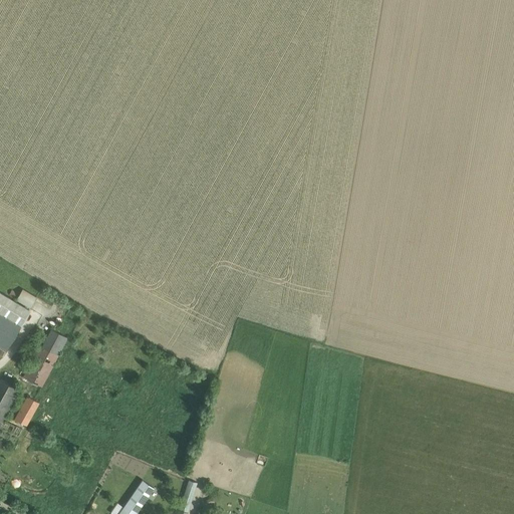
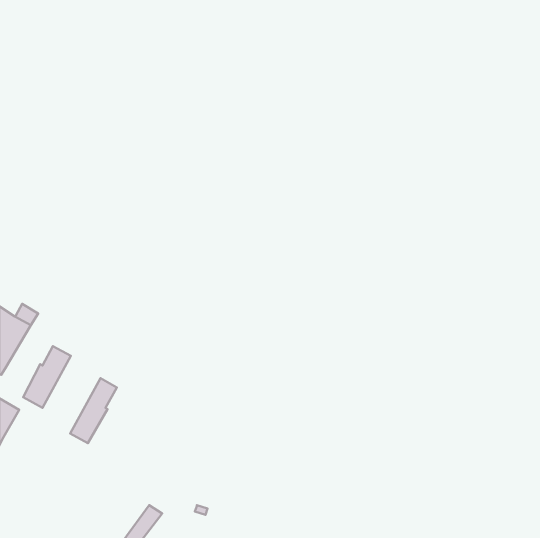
building: none -> [70,378,117,443]
building: [13,399,38,428] -> none

